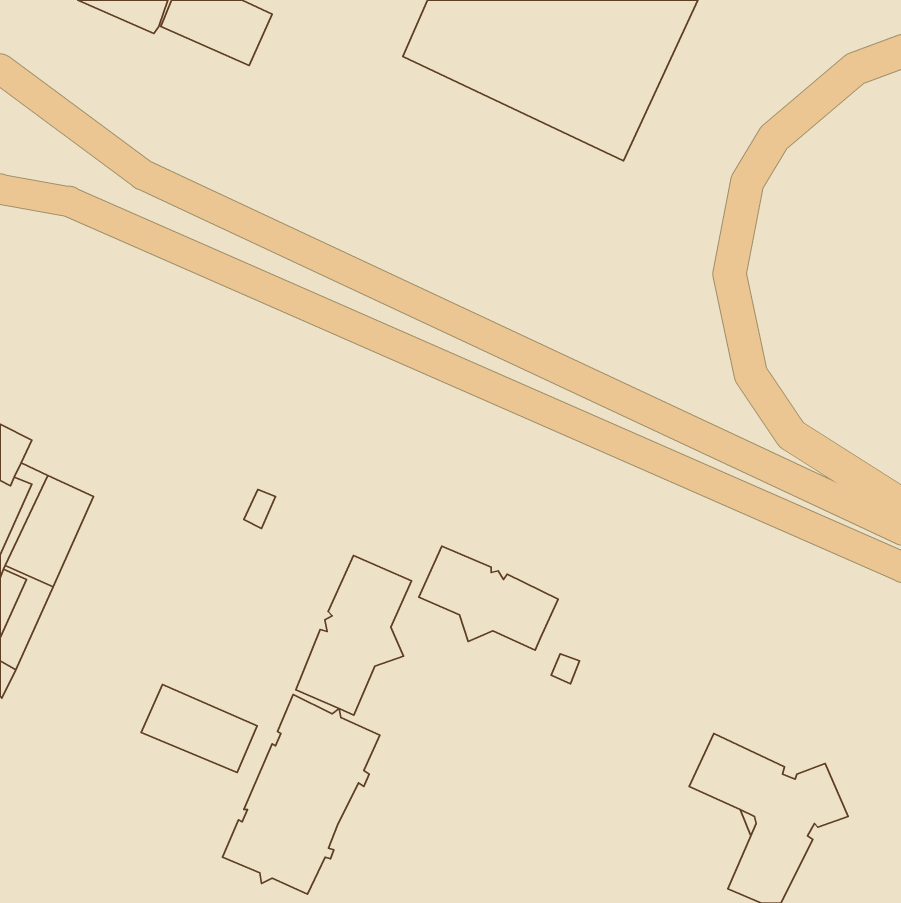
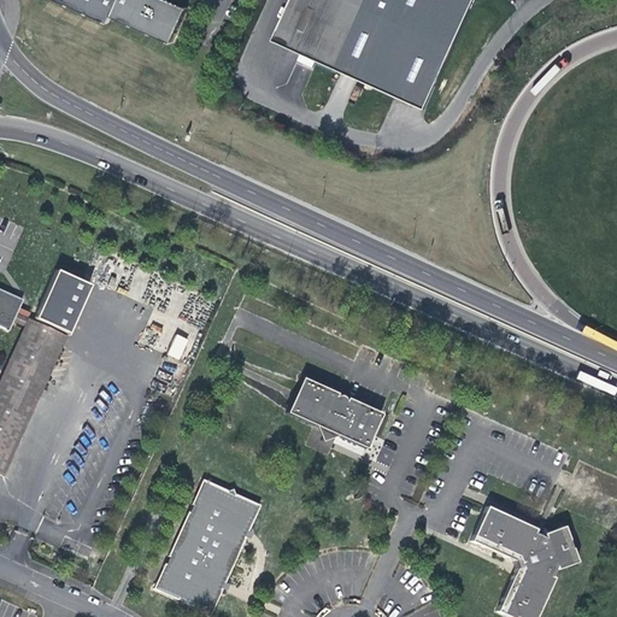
building: none -> [35,274,88,334]
building: [296,556,412,715] -> none
building: [141,684,257,772] -> none

